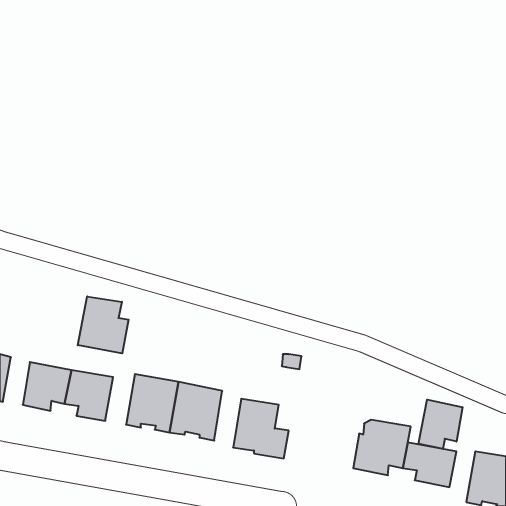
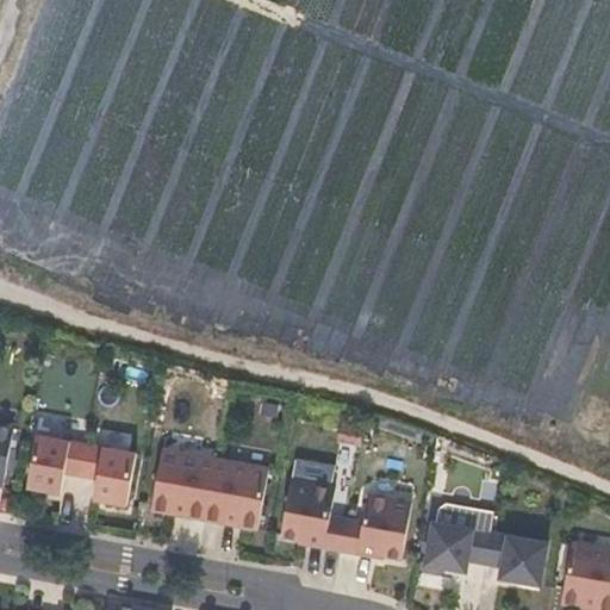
building: [78,296,129,353] -> none
building: [418,400,462,449] -> none
building: none -> [341,492,411,556]

